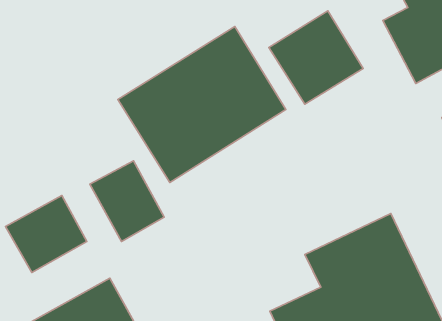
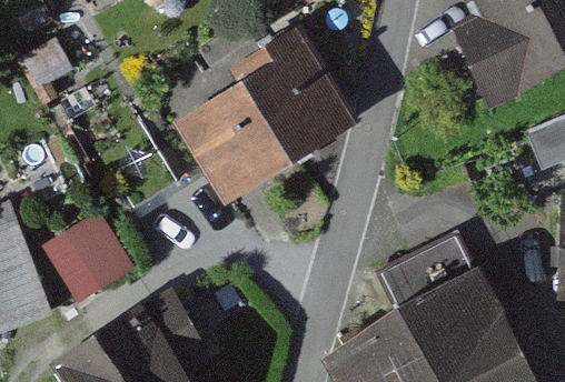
building: [269,11,363,104] -> none
building: [90,161,164,241] -> none

